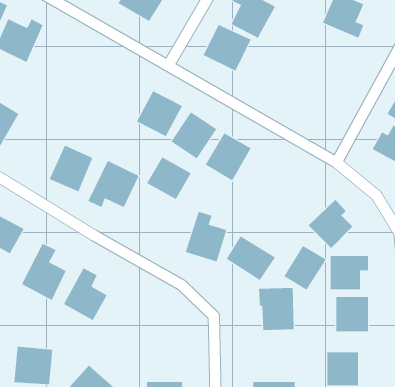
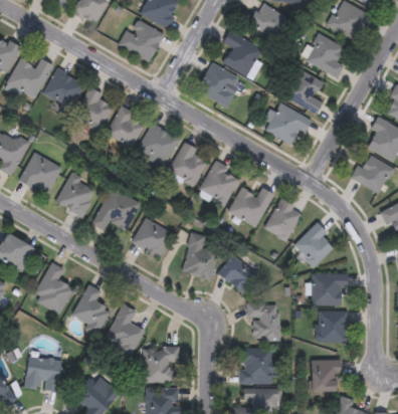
building: none -> [43,68,84,109]
building: none -> [283,68,323,114]
building: none -> [75,86,113,130]
building: none -> [262,102,311,146]
building: none -> [106,107,146,149]
building: none -> [21,153,62,194]
building: [146,157,192,200] -> [132,218,173,257]
building: none -> [228,187,273,226]
building: [284,245,327,291] -> [264,199,304,240]
building: none -> [103,303,144,357]
building: none -> [136,347,179,382]
building: none -> [240,348,280,384]

